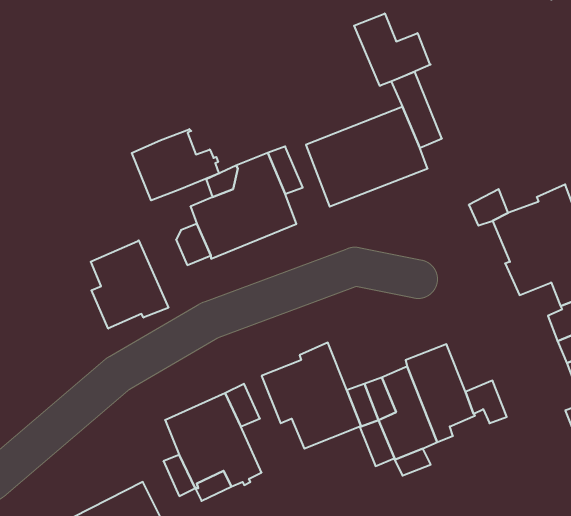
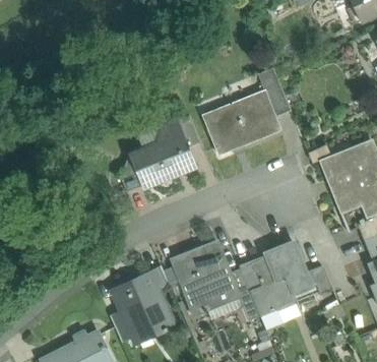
building: [354,13,431,86] -> none
building: [132,129,219,200] -> none
building: [91,240,168,329] -> none

